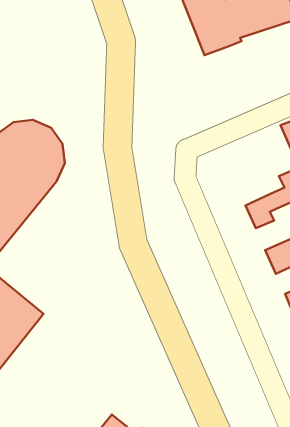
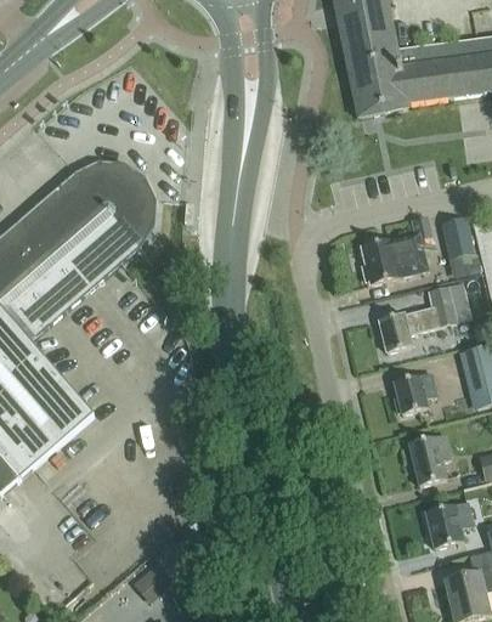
building: none -> [361,216,431,284]

